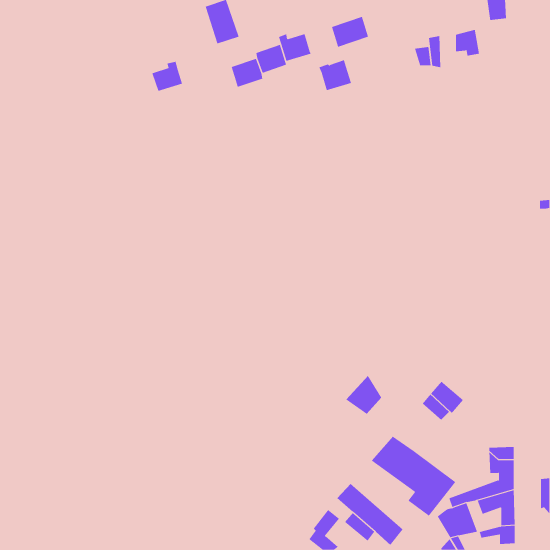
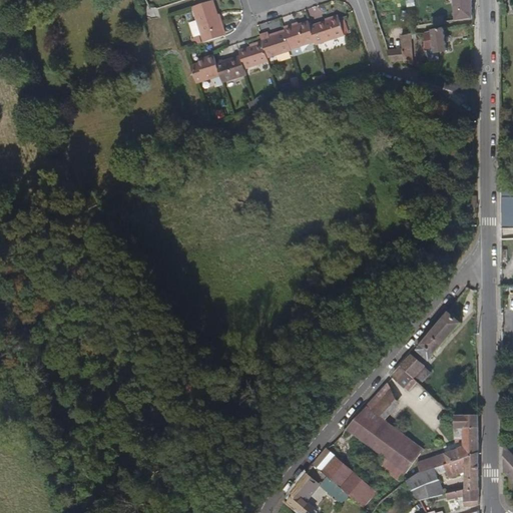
building: [319,60,352,91] -> [282,19,313,48]
building: [152,61,183,91] -> [189,54,218,82]
building: none -> [415,311,460,360]
building: [345,375,382,415] -> [365,382,399,419]

